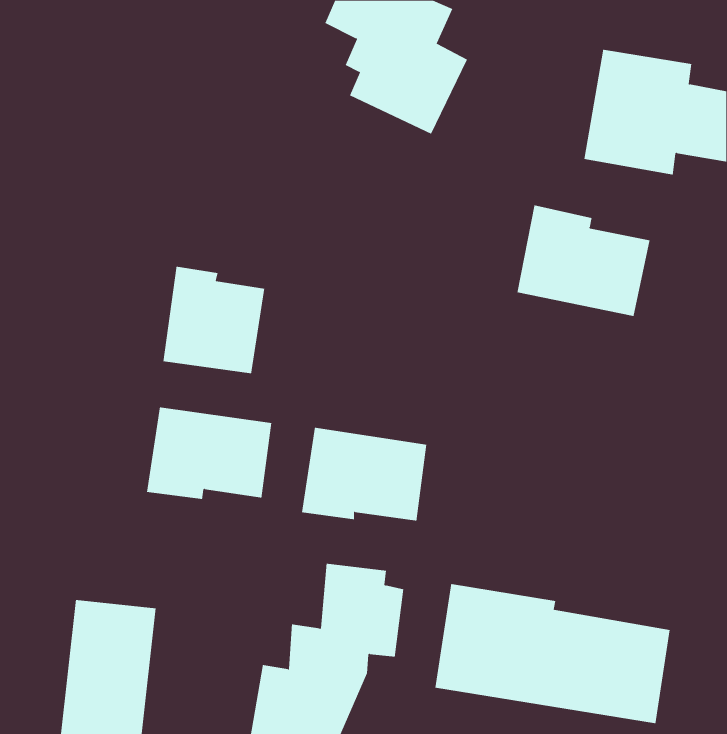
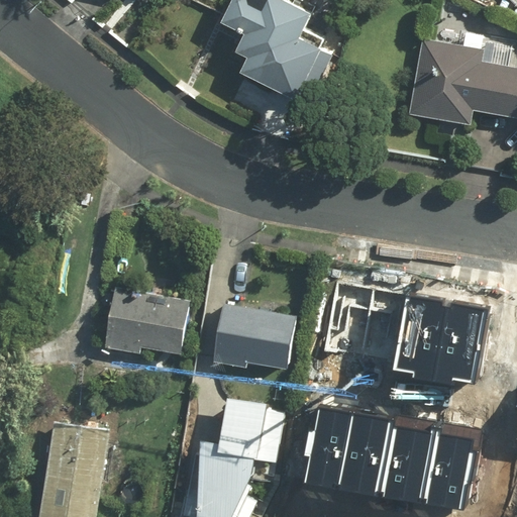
building: [517,205,650,317] -> none
building: [163,266,265,374] -> none
building: none -> [321,283,481,389]

